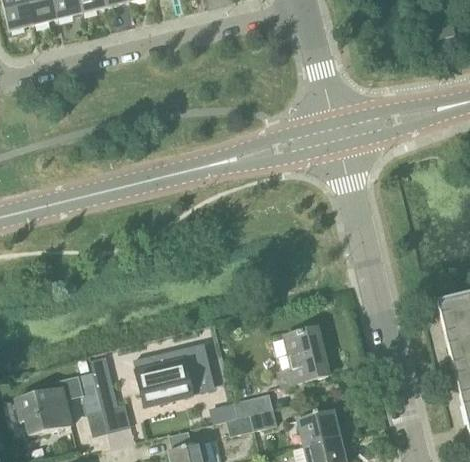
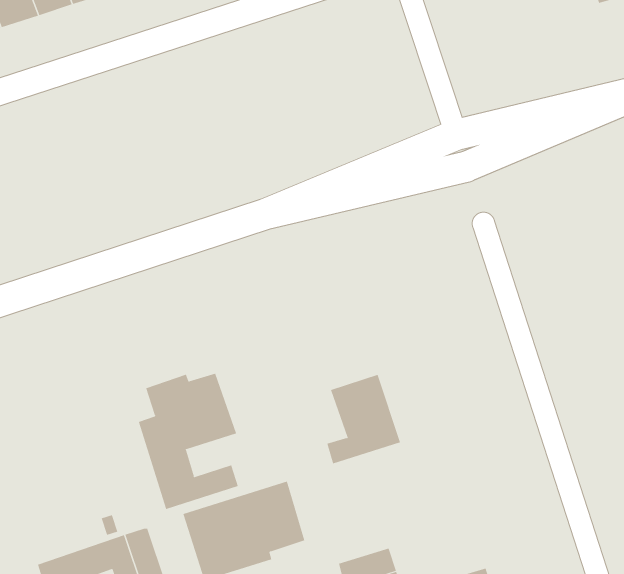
building: none -> [138,373,238,510]
building: [278,328,328,386] -> [326,374,401,464]

